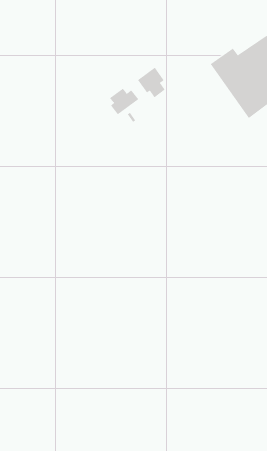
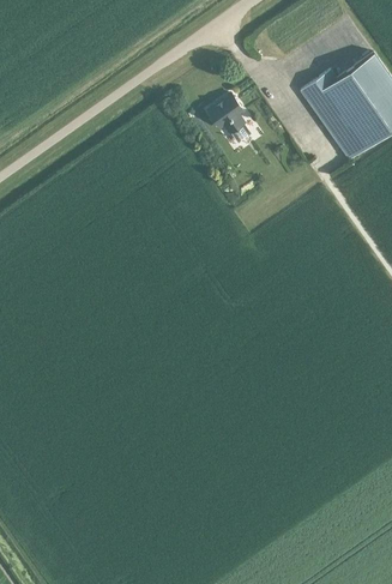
building: [109,88,139,115] -> none

